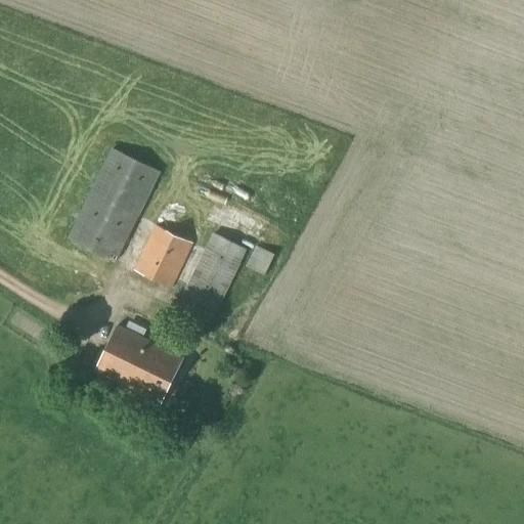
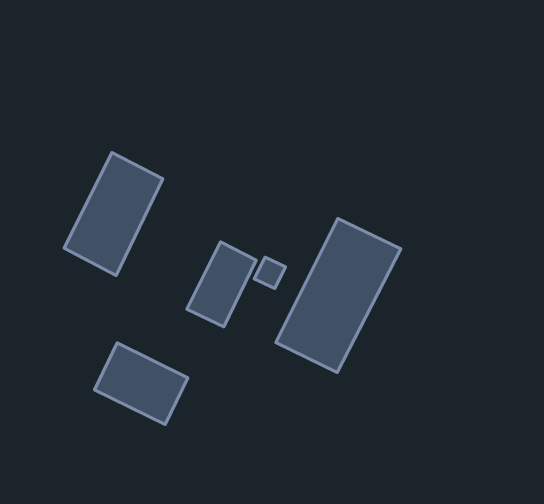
building: none -> [276,219,401,373]
building: [134,223,194,288] -> none

